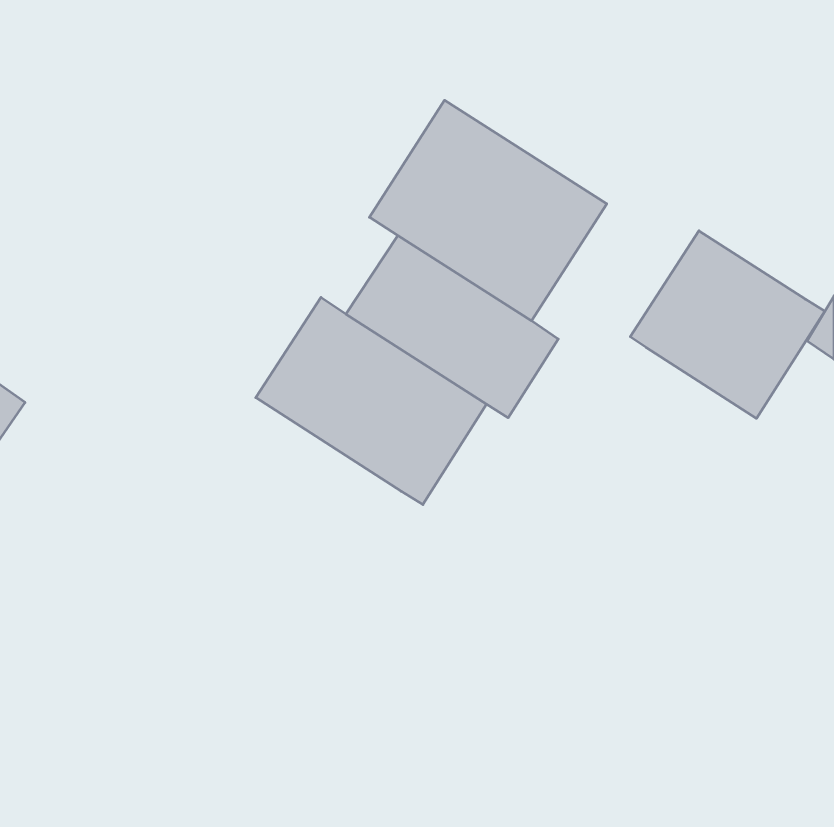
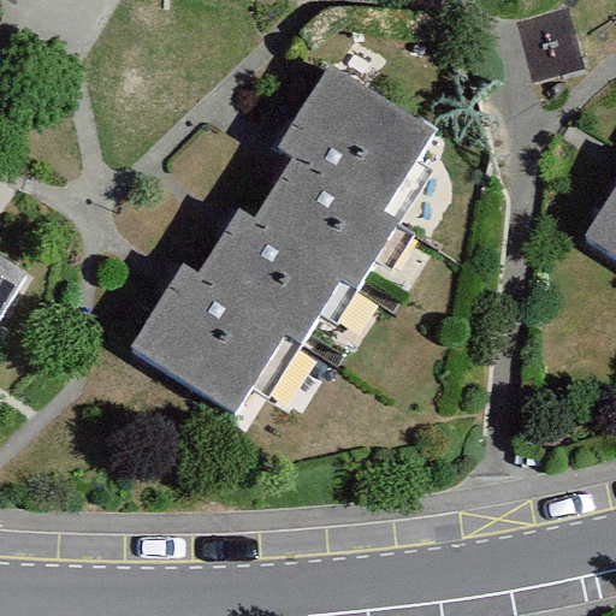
building: [630,231,825,418] -> none
building: none -> [122,282,289,437]

